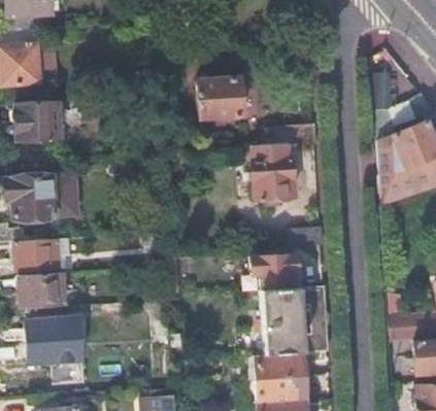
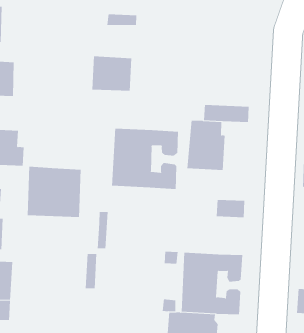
building: [201,78,245,117] -> [91,56,132,91]
building: none -> [112,128,179,190]
building: none -> [27,166,81,218]
building: [259,252,299,288] -> none

